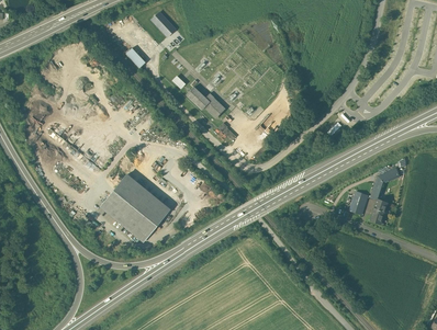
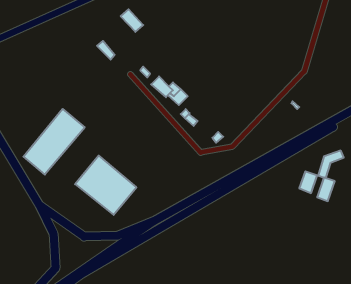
building: none -> [23,109,85,175]

